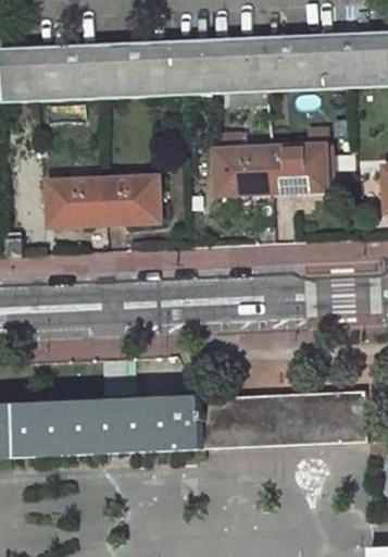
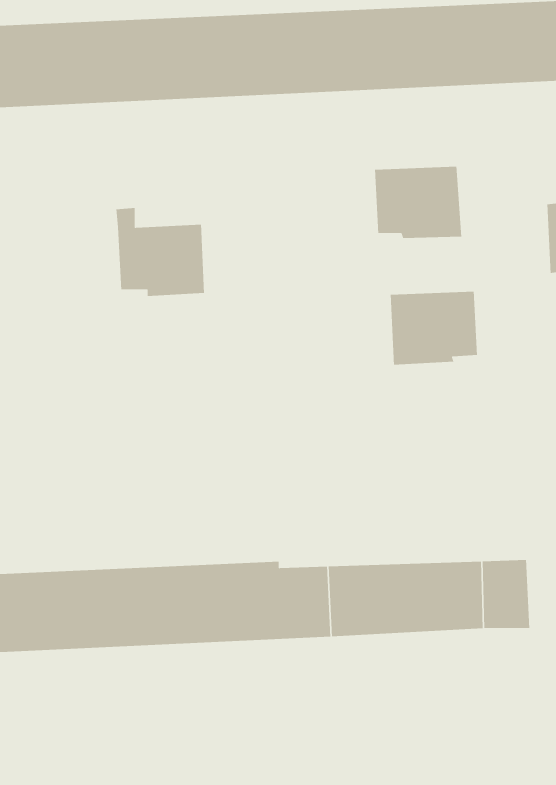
building: [211,140,268,189] -> [390,291,478,365]
building: [42,178,100,227] -> none

